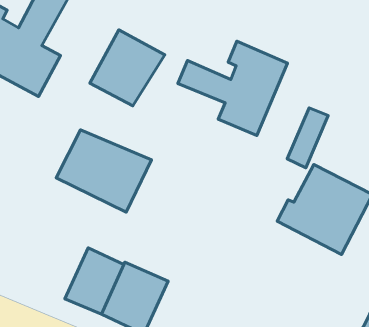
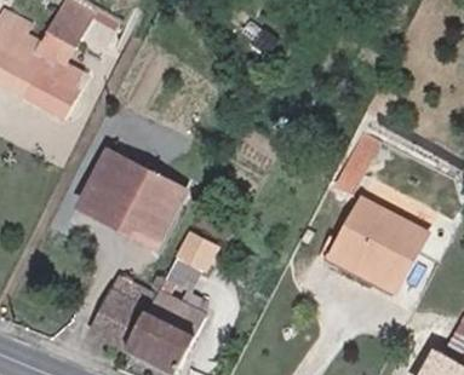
building: [90,30,165,106] -> none
building: [178,41,288,135] -> none
building: none -> [168,233,214,285]

